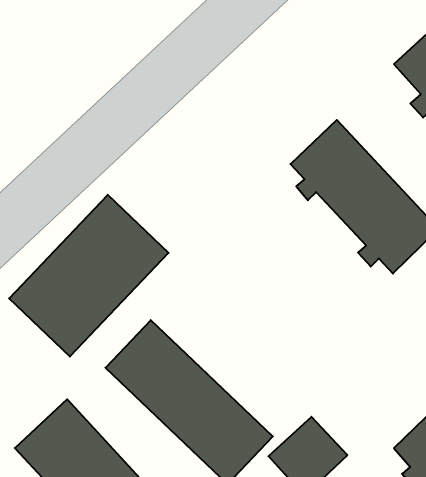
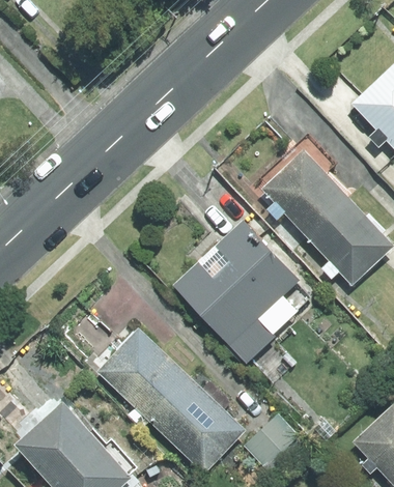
building: [9,195,169,357] -> none
building: none -> [172,220,302,364]

